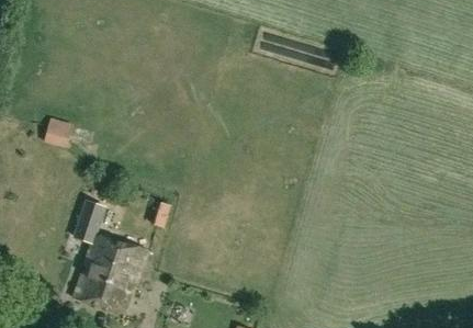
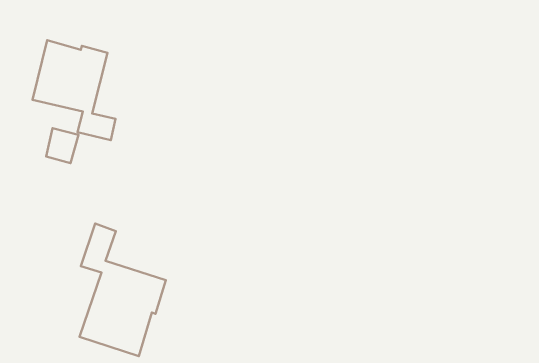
building: none -> [32,40,115,140]

